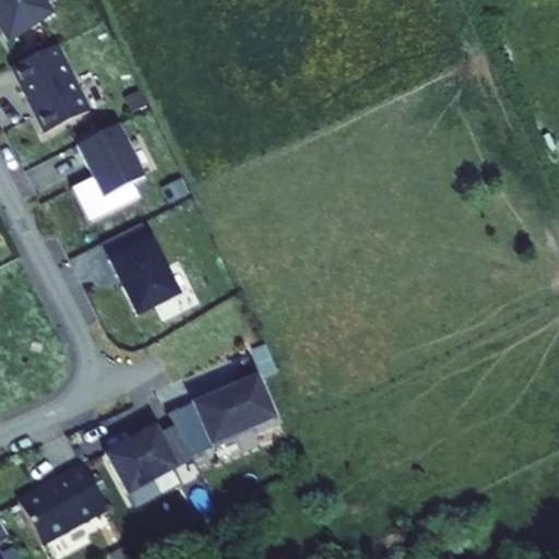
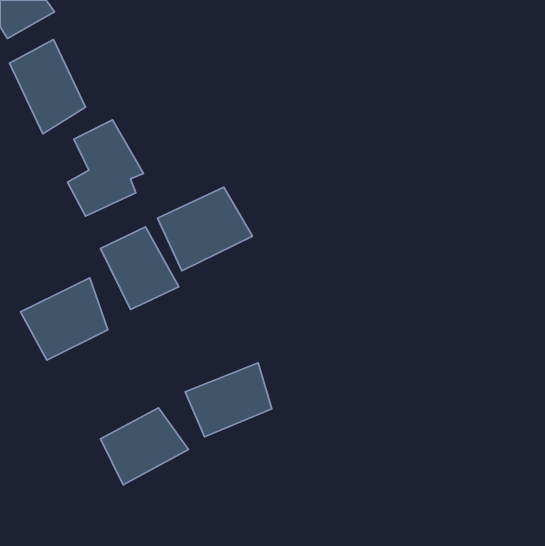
building: none -> [158,187,252,271]
building: none -> [21,278,108,360]
building: [20,465,107,545] -> none

